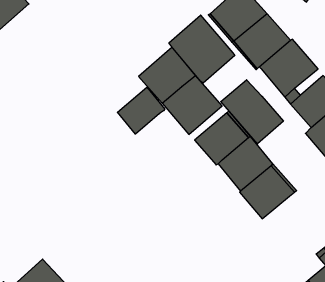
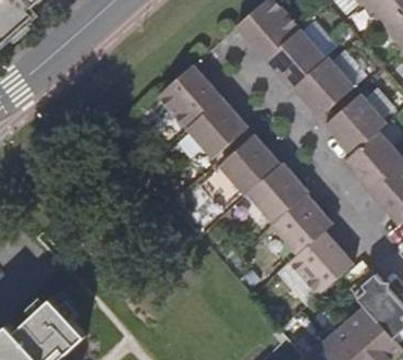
building: [169,15,235,83] -> none
building: [221,80,283,144] -> none
building: [117,87,165,134] -> none
building: none -> [286,228,353,293]

